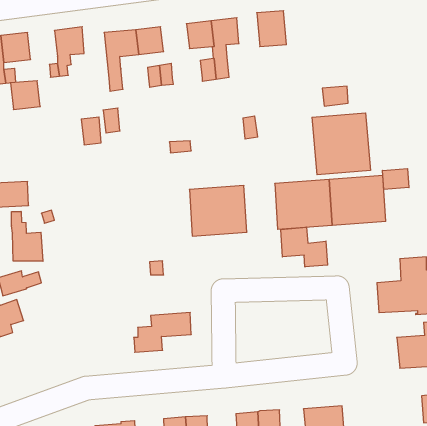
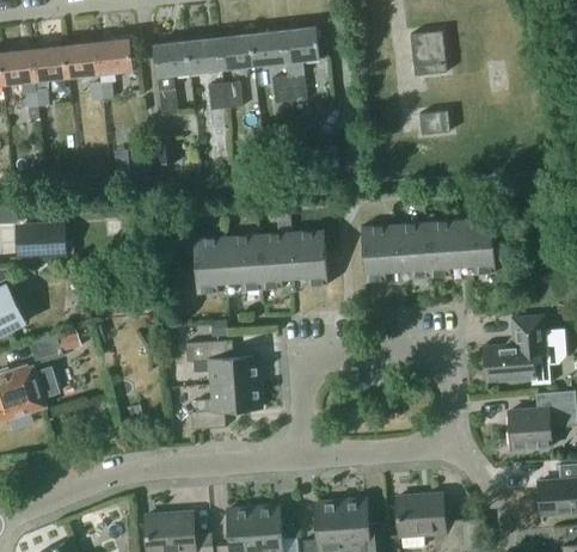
building: [257,11,286,47] -> [410,30,446,73]
building: none -> [223,33,258,67]
building: [10,81,40,110] -> [63,42,99,76]
building: [312,113,370,175] -> none
building: [382,169,409,189] -> none
building: none -> [194,233,262,293]
building: [12,211,43,261] -> none
building: [281,227,328,267] -> none
building: none -> [185,339,259,385]

